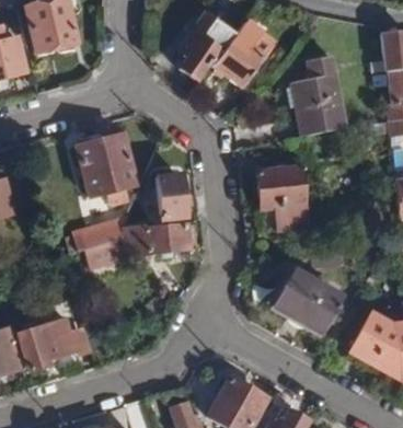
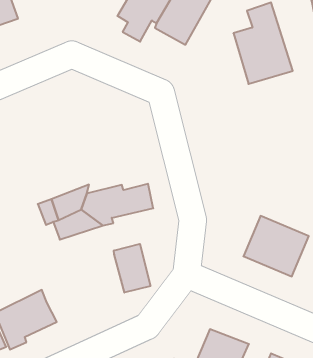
building: [77,130,138,196] -> none
building: [256,166,308,228] -> none
building: [157,173,185,218] -> none
building: none -> [114,244,150,293]

